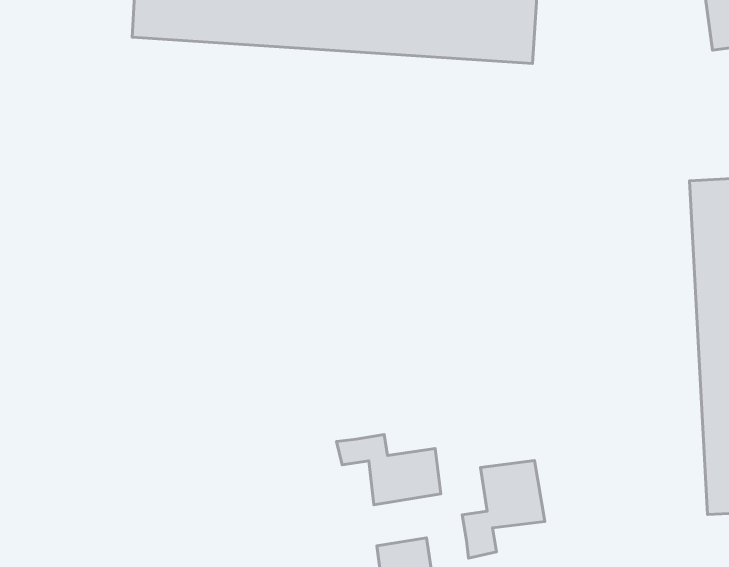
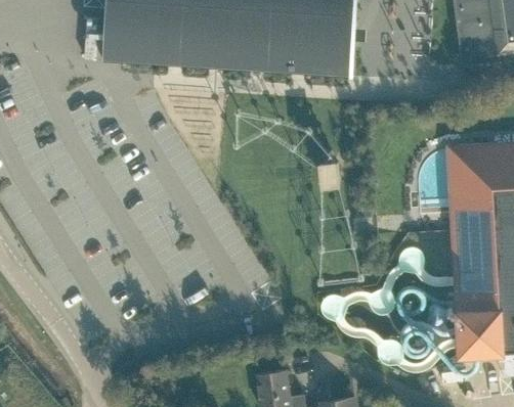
building: [336,434,441,505] -> none
building: [462,460,545,558] -> none

